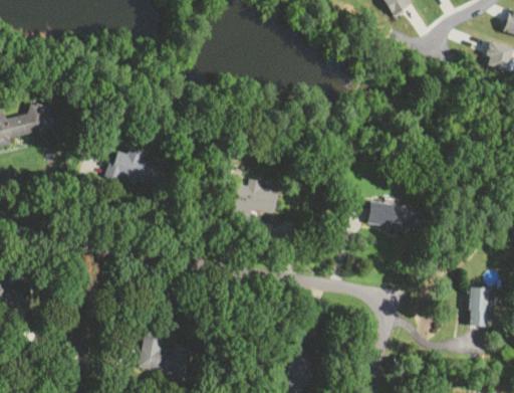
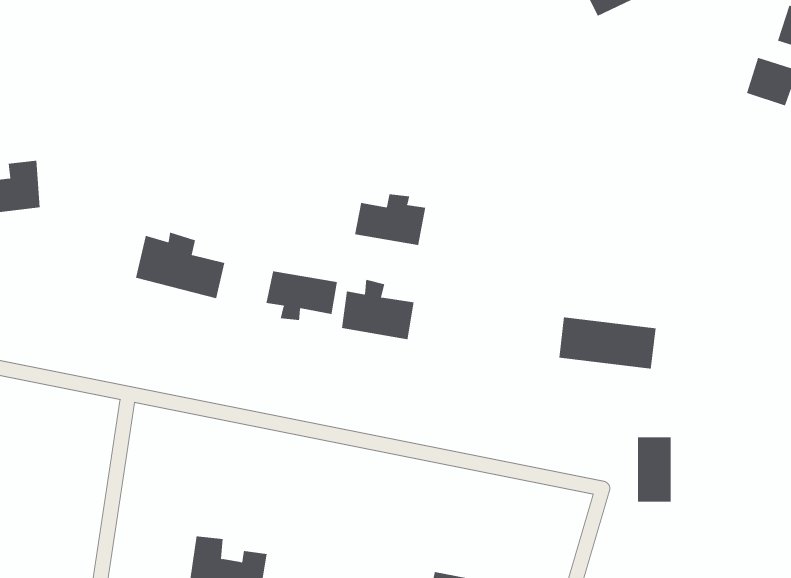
building: none -> [354,193,426,246]
building: none -> [266,271,338,321]
building: [468,286,489,327] -> [637,437,671,502]

